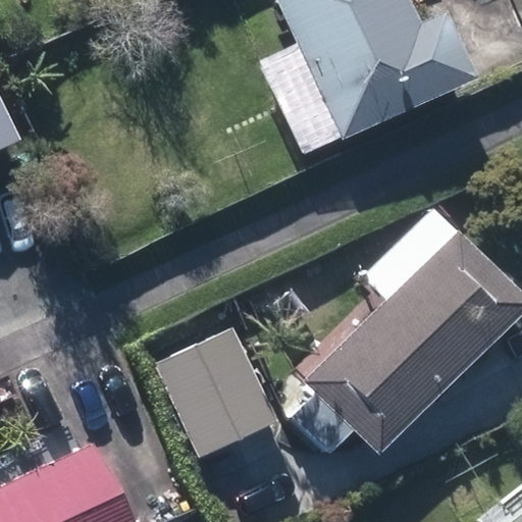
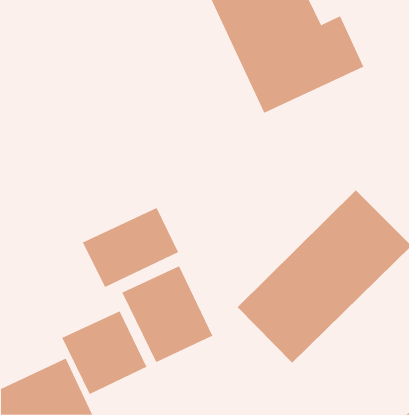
building: none -> [82,207,179,288]
building: none -> [61,310,147,395]

